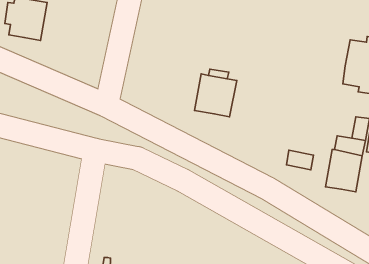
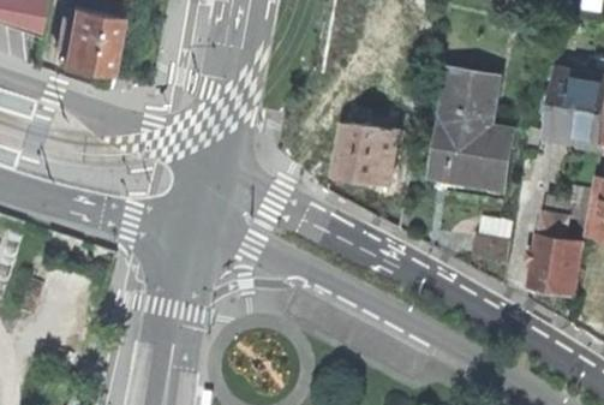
building: none -> [432,71,512,189]

